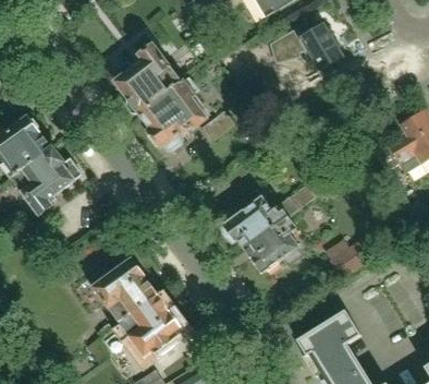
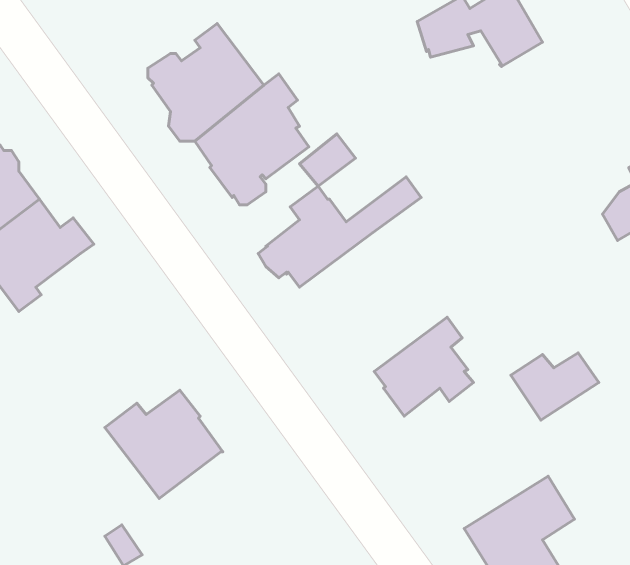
building: [221,182,316,247] -> [258,177,421,287]
building: [120,293,183,355] -> none

